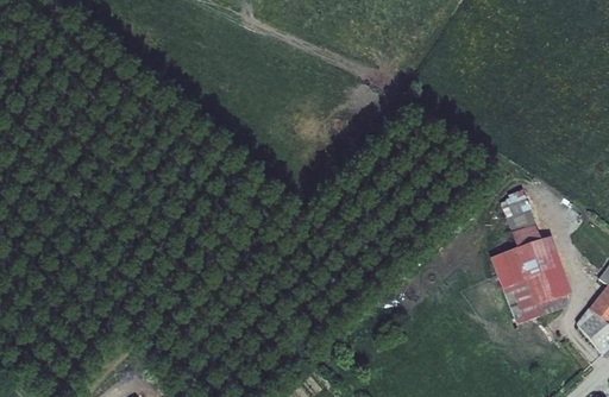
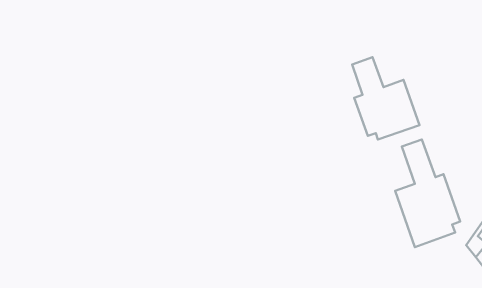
building: none -> [352,57,420,140]

